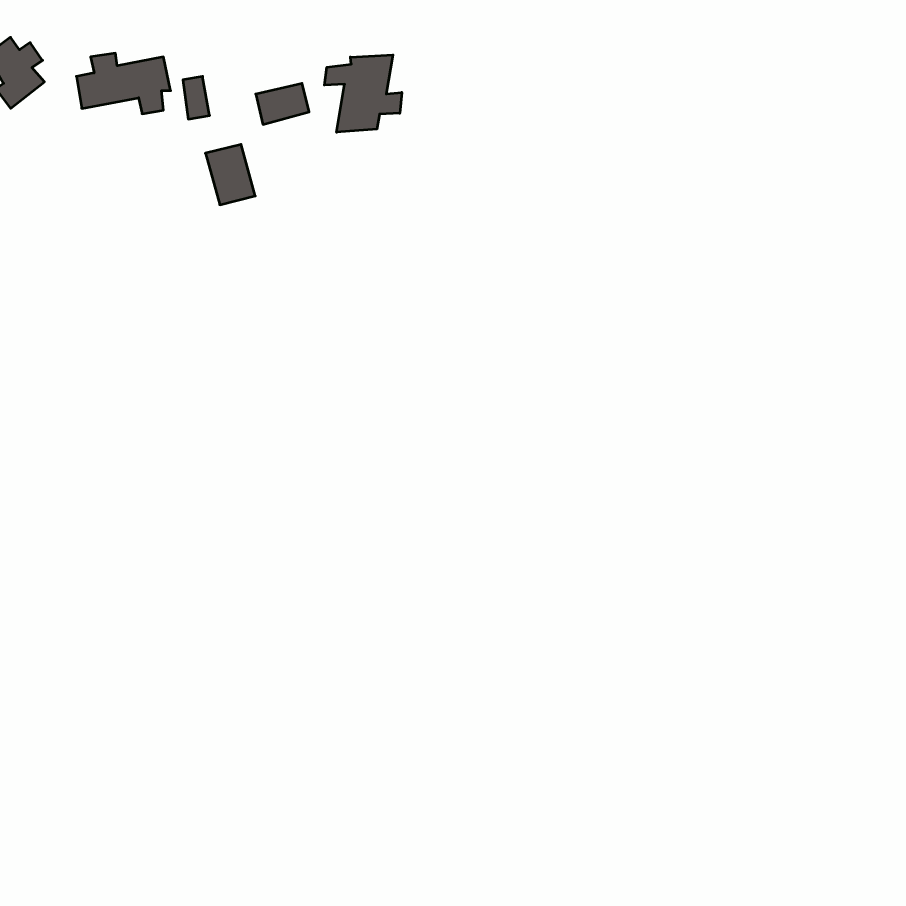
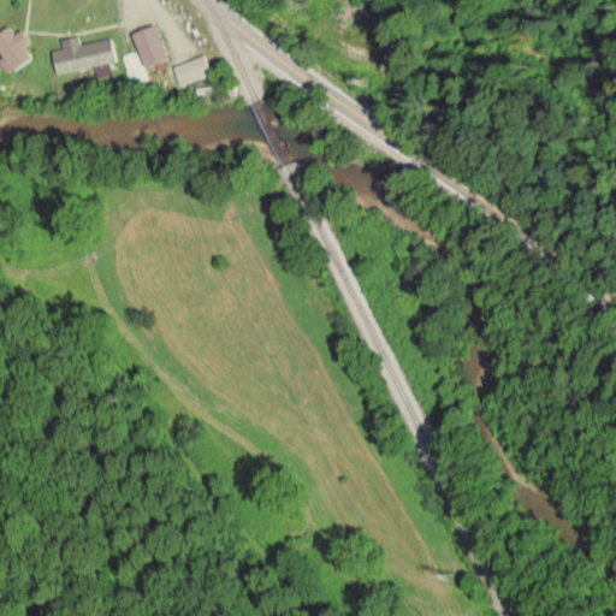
building: [324,55,402,132] -> none
building: [205,144,255,205] -> [132,26,166,67]

